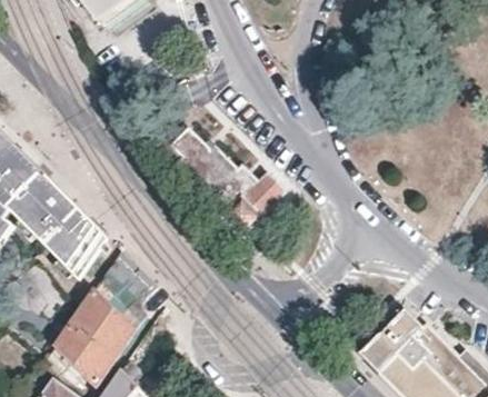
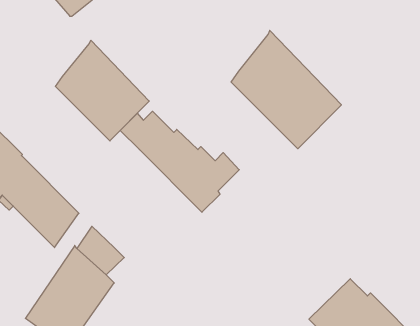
building: none -> [231,30,341,149]
building: none -> [55,40,149,141]

